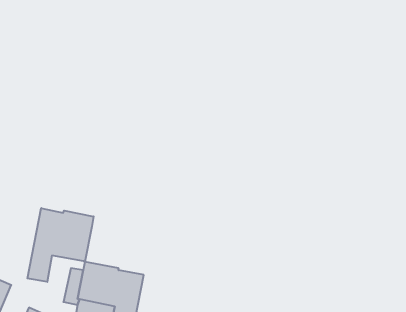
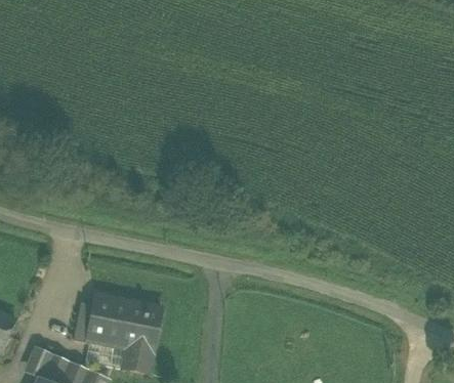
building: [27,208,94,282] -> none

